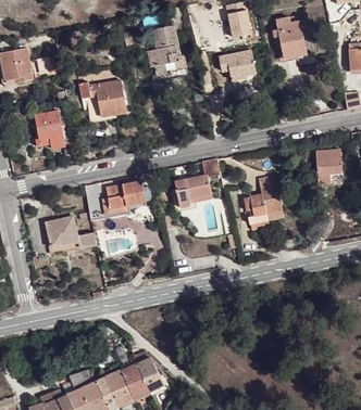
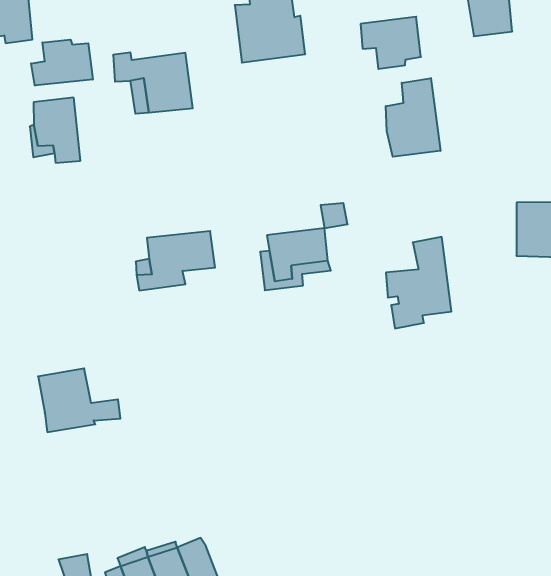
building: none -> [31,40,93,86]
building: none -> [386,78,440,157]
building: [46,216,95,254] -> [38,368,120,432]

